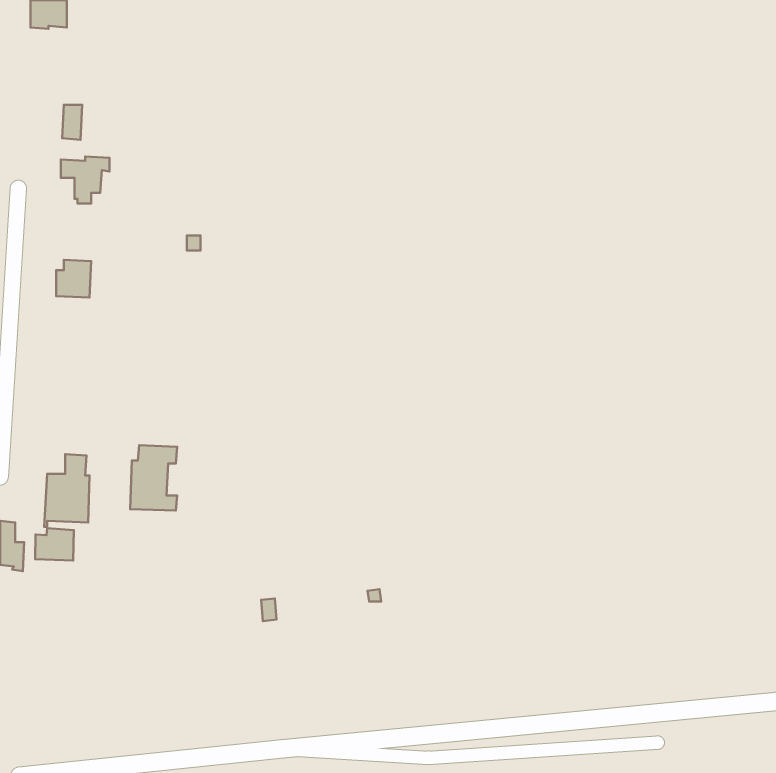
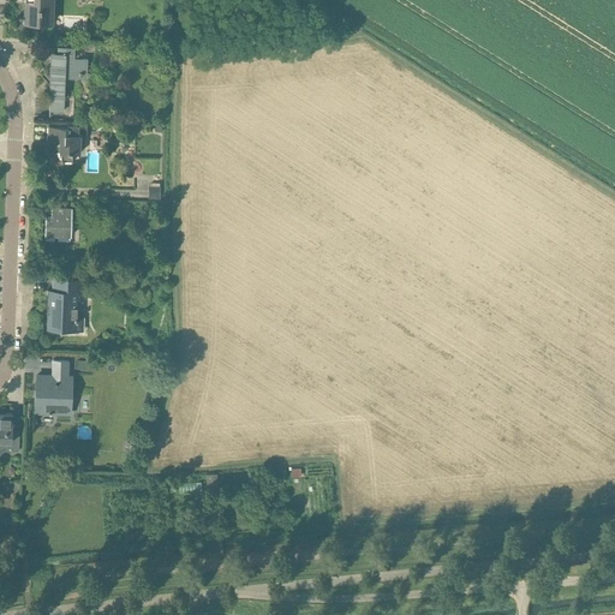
building: none -> [50,48,86,85]
building: [130,445,177,511] -> [47,280,84,332]
building: [35,528,74,561] -> none

